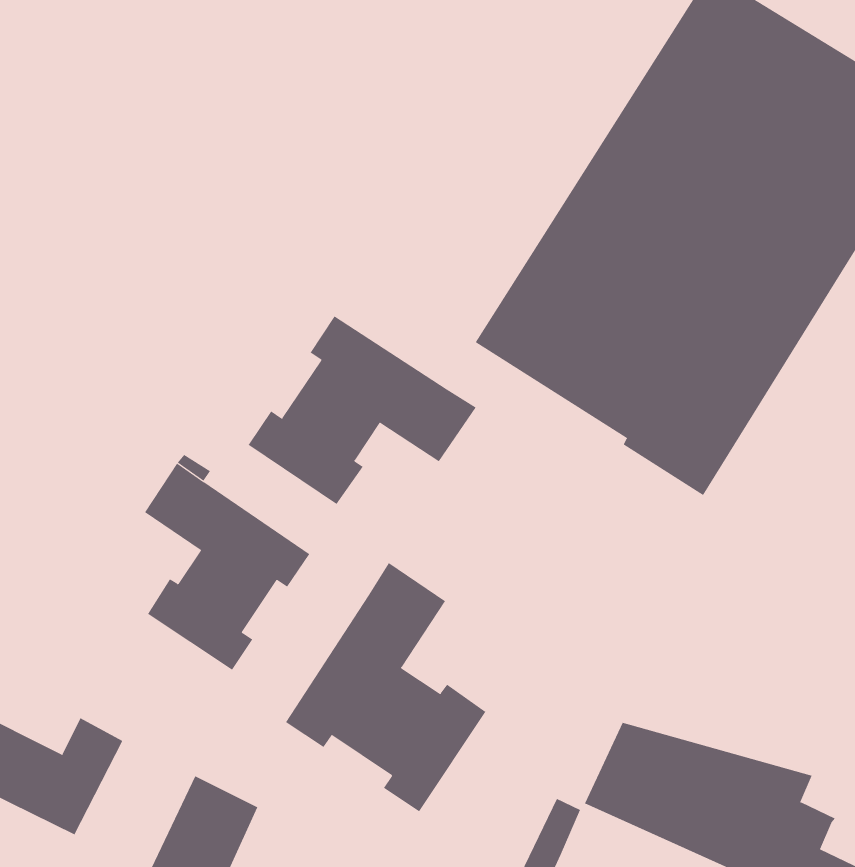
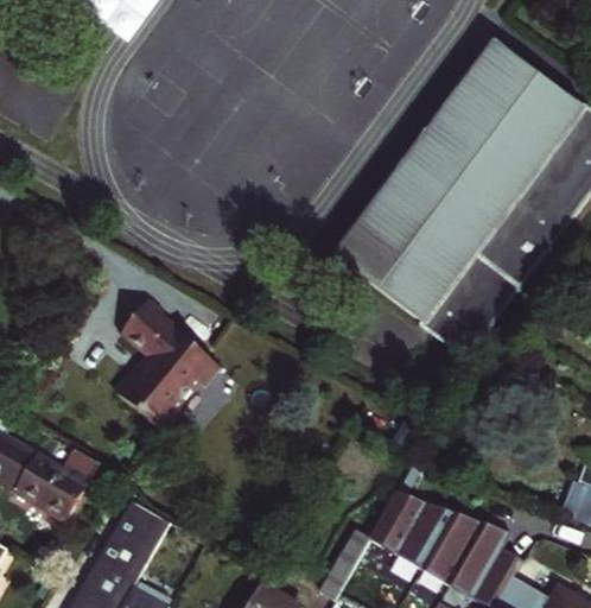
building: [248,316,476,505] -> none
building: [285,562,486,812] -> none

